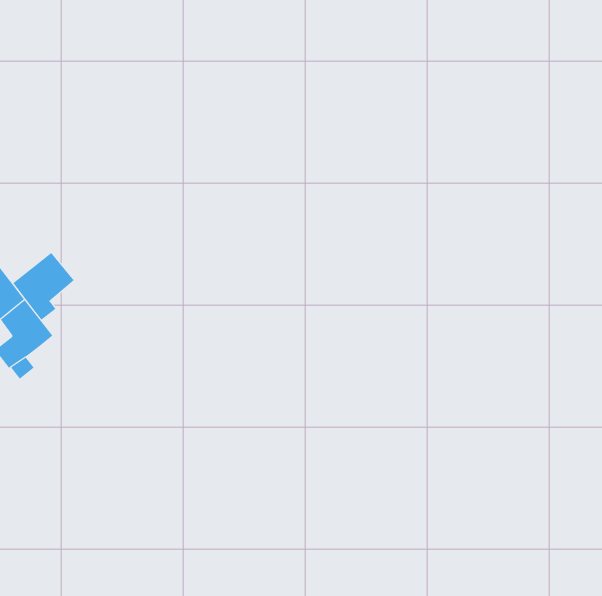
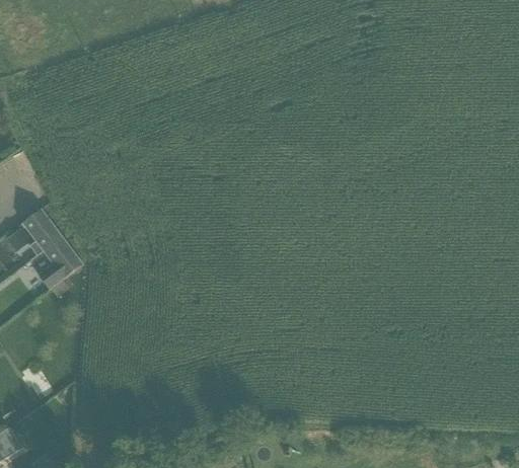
building: [12,252,74,320] -> none

